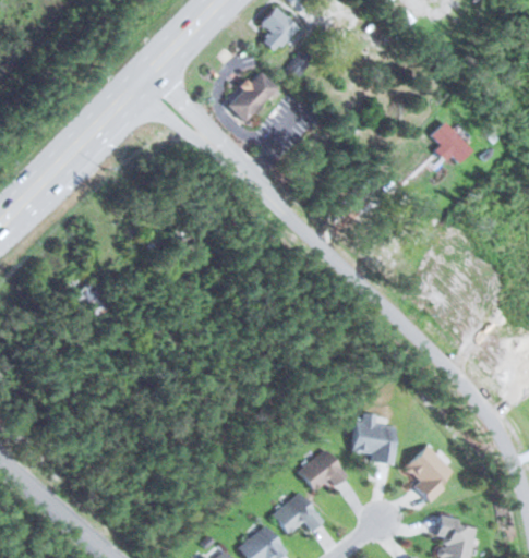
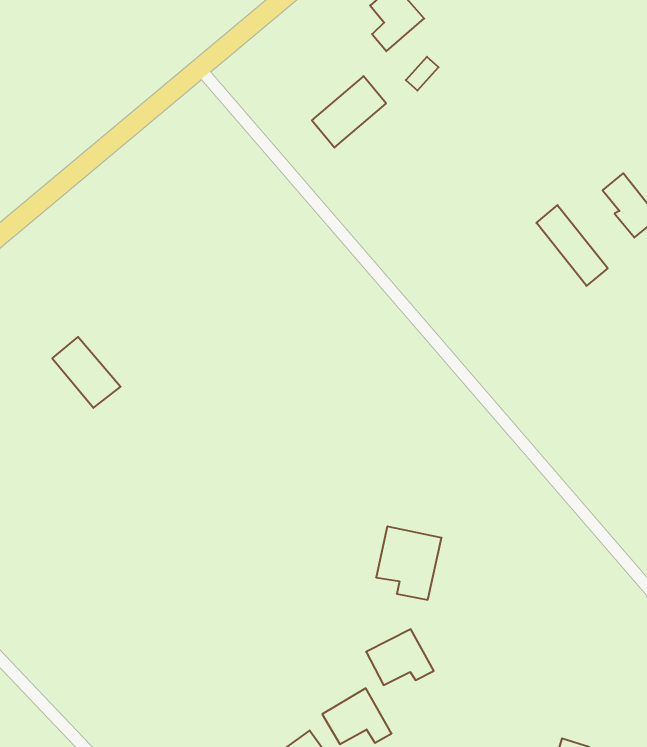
building: none -> [536,205,608,286]
building: [354,415,397,463] -> [376,526,442,600]
building: [405,445,456,500] -> none

